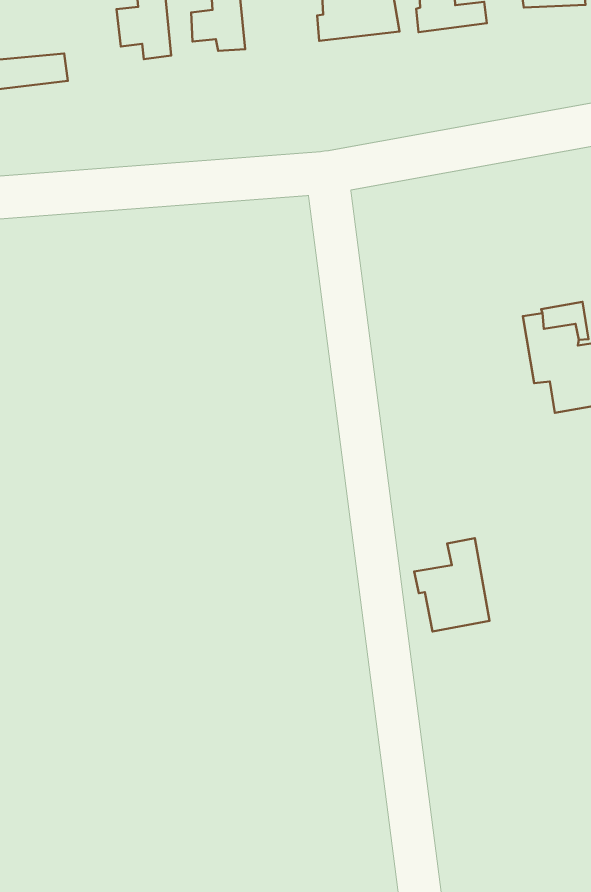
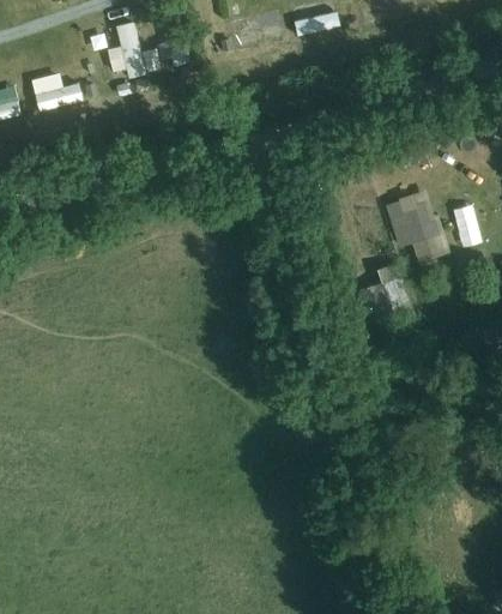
building: [414,538,490,632] -> [359,263,411,325]

